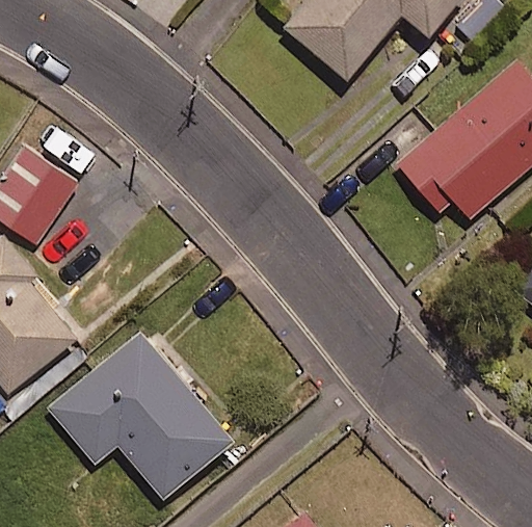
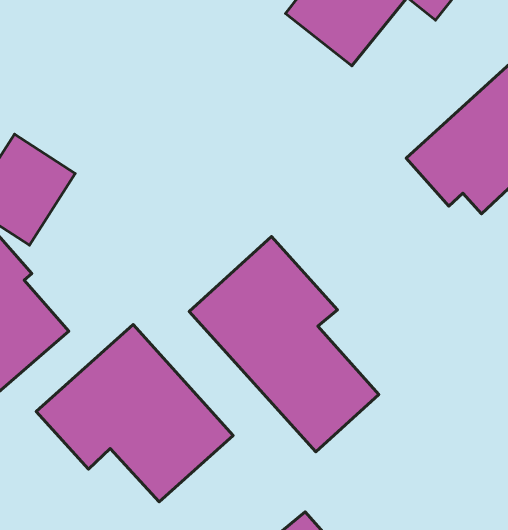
building: none -> [189,237,379,452]

